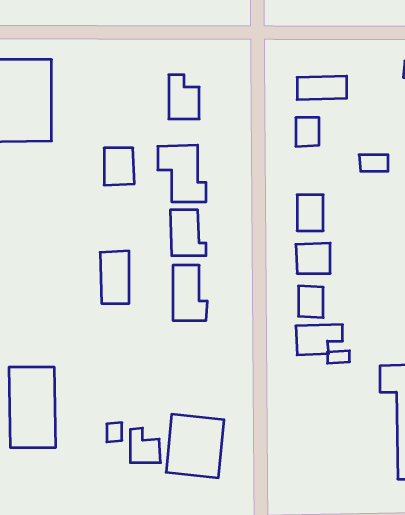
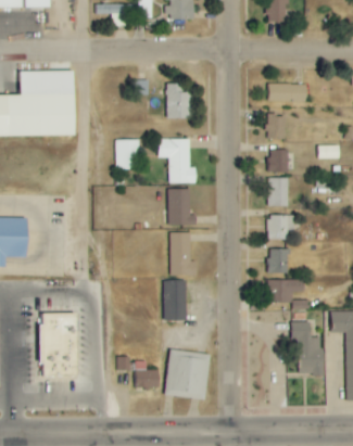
building: none -> [269,149,288,173]
building: [100,251,129,303] -> [163,279,186,320]
building: none -> [291,321,324,374]

